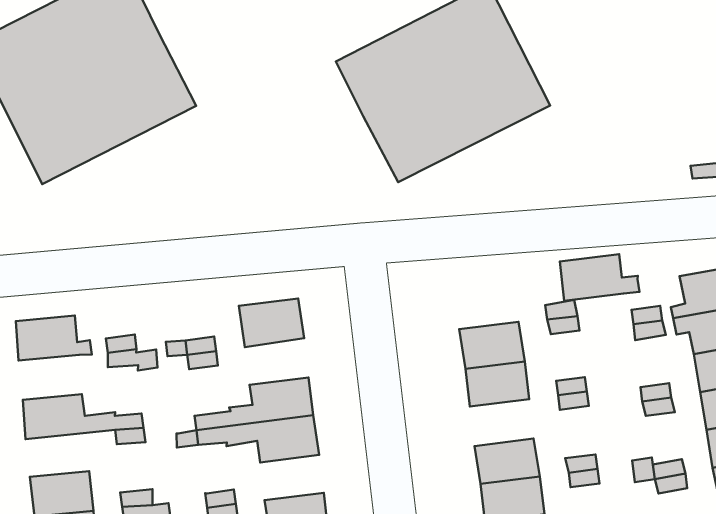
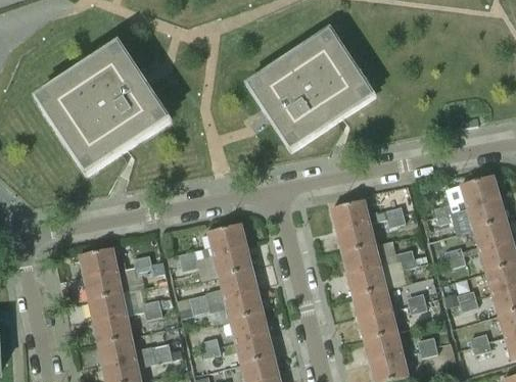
building: [560,254,640,301] -> [331,200,379,231]
building: none -> [214,246,252,277]
building: none -> [84,270,128,300]
building: none -> [347,267,386,297]
building: none -> [93,316,132,344]
building: none -> [230,313,269,342]

